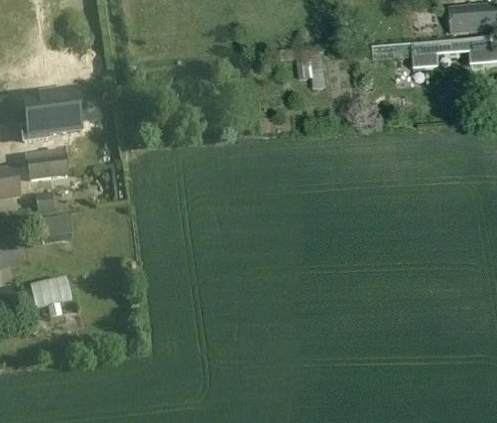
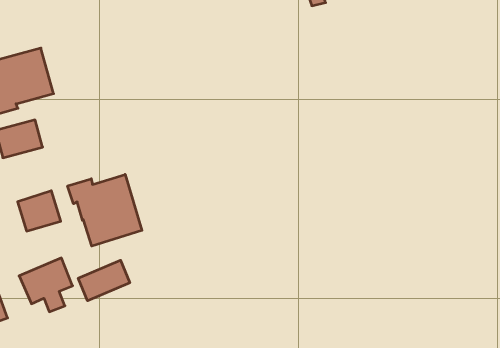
building: none -> [68,174,142,246]
building: none -> [78,260,130,301]

